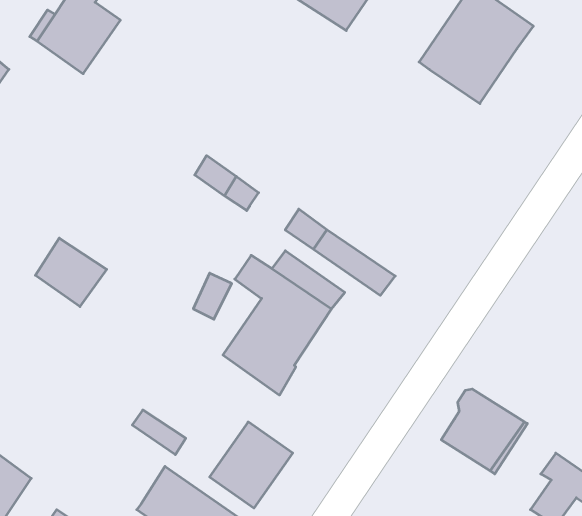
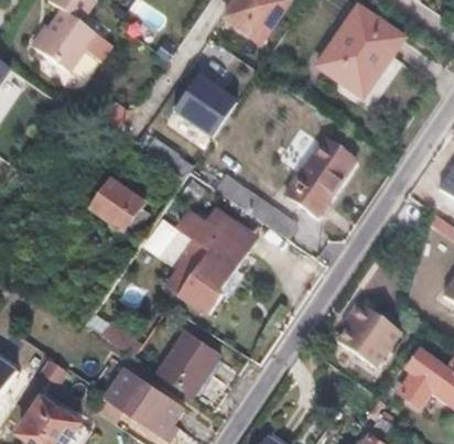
building: none -> [181,77,244,139]
building: none -> [283,138,355,216]
building: [35,238,107,307] -> [94,177,147,228]

